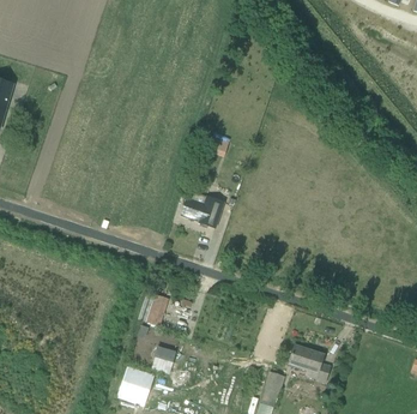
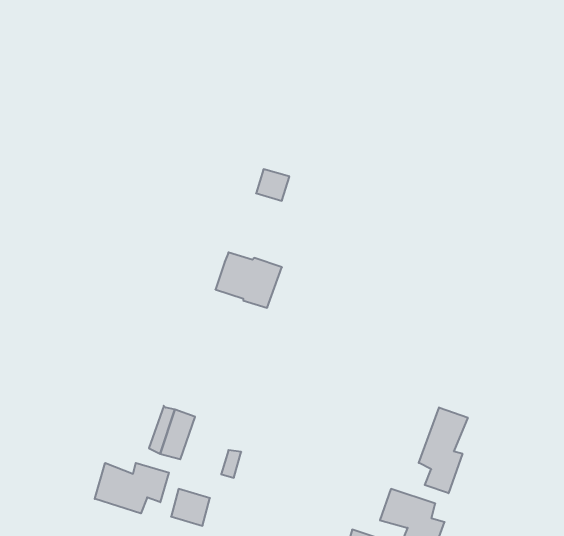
building: none -> [419,407,468,493]
building: none -> [95,463,169,513]

